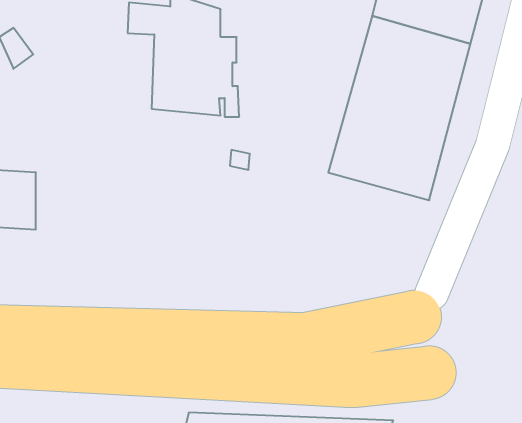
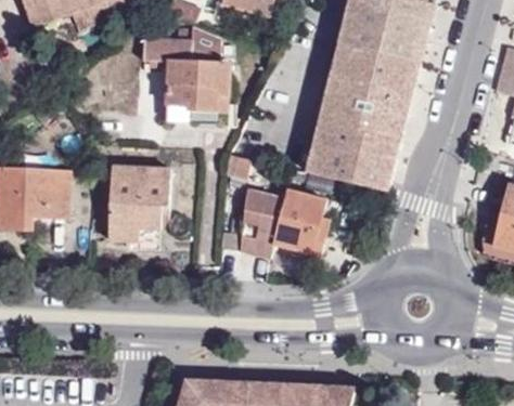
building: none -> [108,168,167,254]
building: none -> [235,189,334,263]

